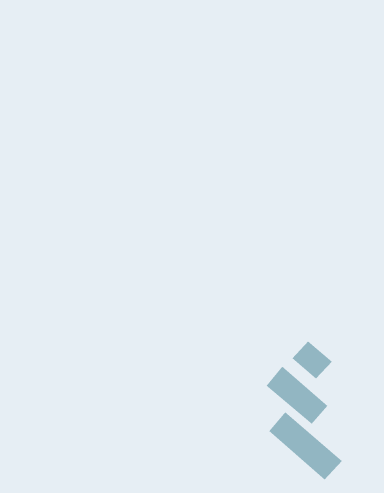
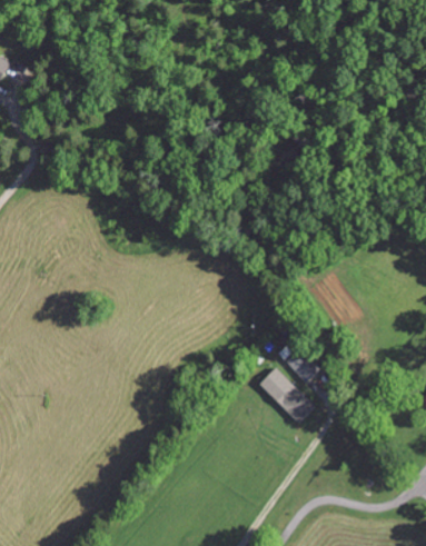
building: [268,411,343,481] -> none

